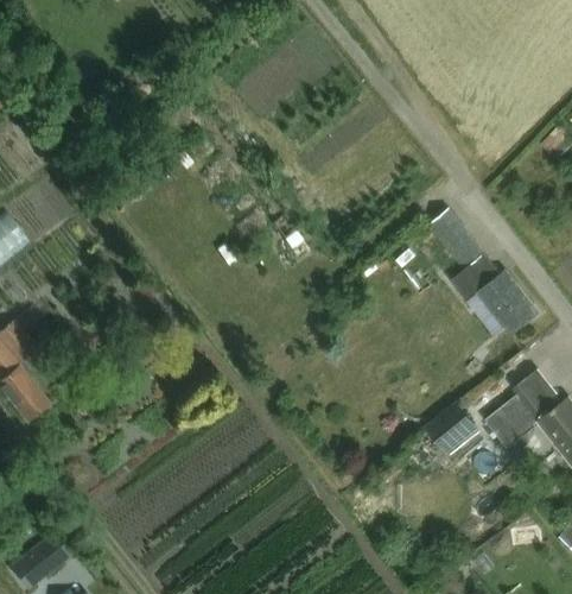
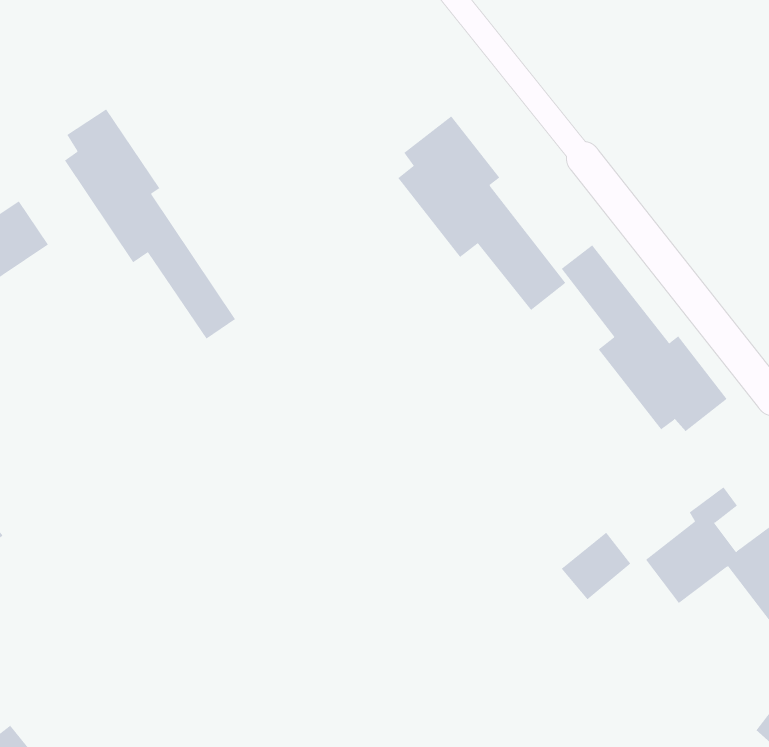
building: none -> [64,108,236,339]
building: none -> [398,116,566,311]

